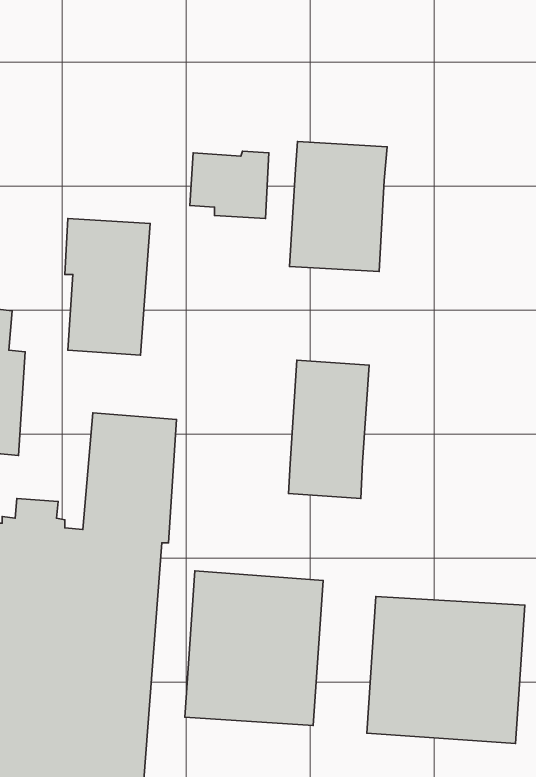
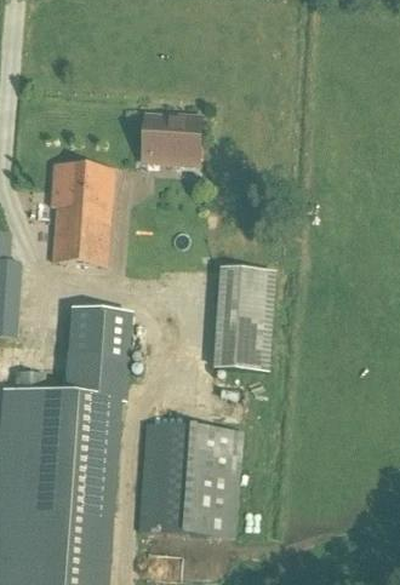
building: [289,141,387,272] -> none
building: [367,596,525,744] -> none

